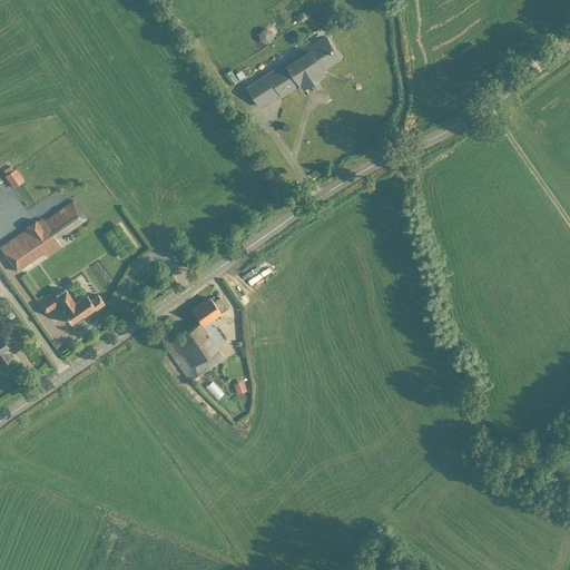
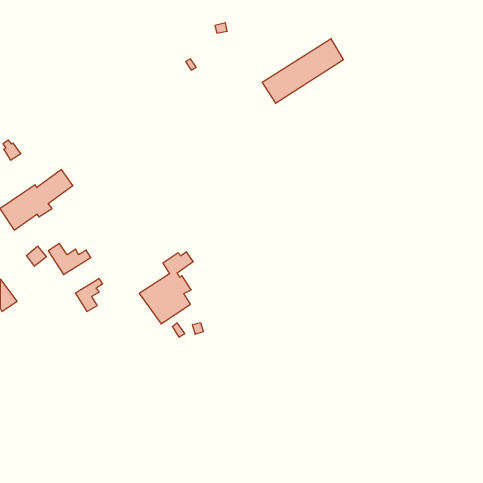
building: [253,35,348,110] -> [262,39,344,103]
building: none -> [76,278,102,312]

